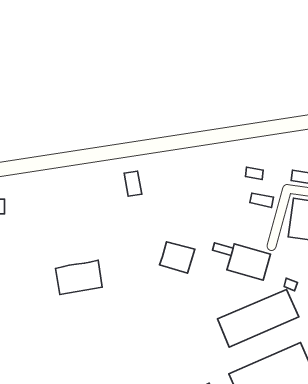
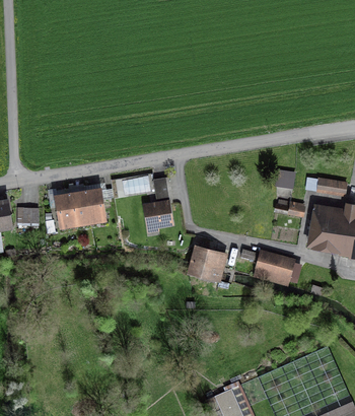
building: none -> [144,202,175,231]
building: [56,260,102,294] -> [57,189,102,222]
building: [217,290,299,347] -> none

